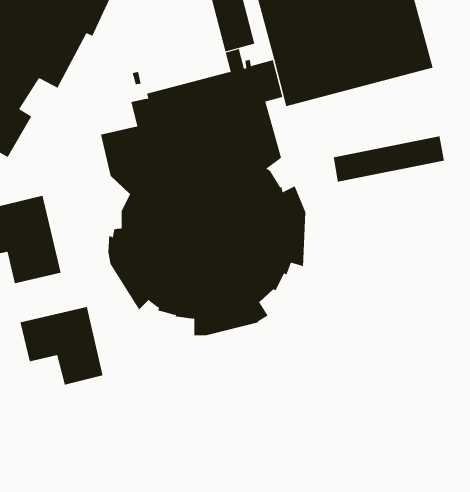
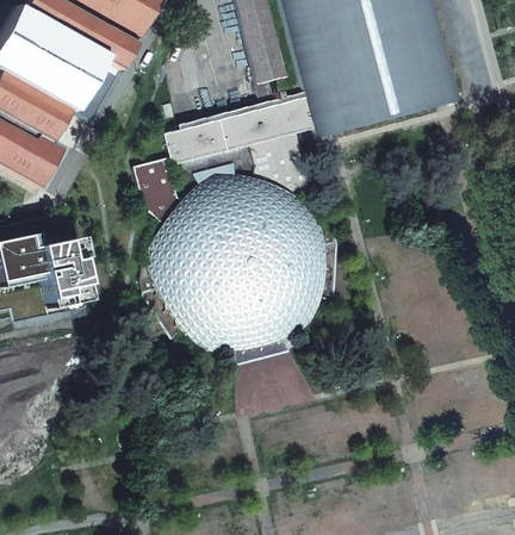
building: [333,135,444,182] -> none
building: [20,306,103,386] -> none

